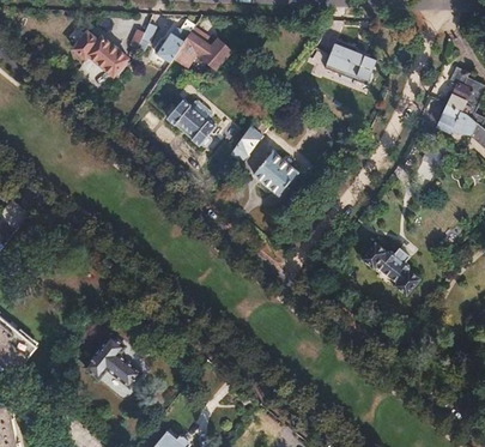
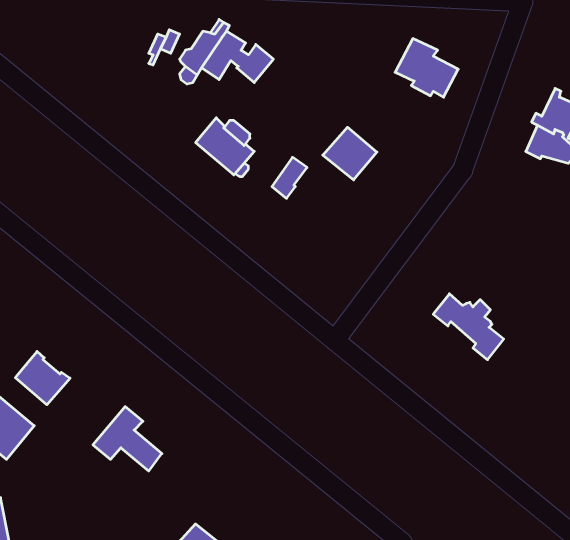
building: [69,26,129,75] -> none
building: [251,151,296,194] -> [323,127,377,180]
building: none -> [15,351,70,405]

